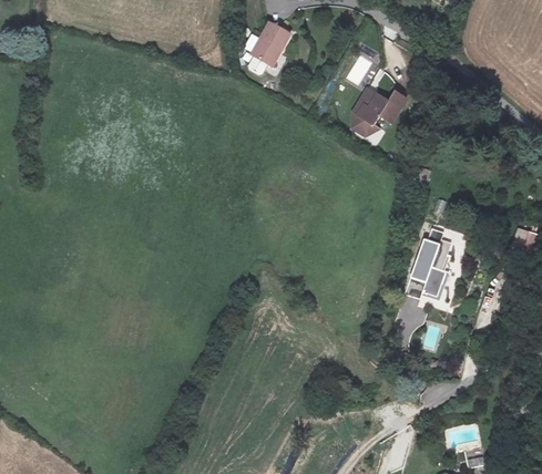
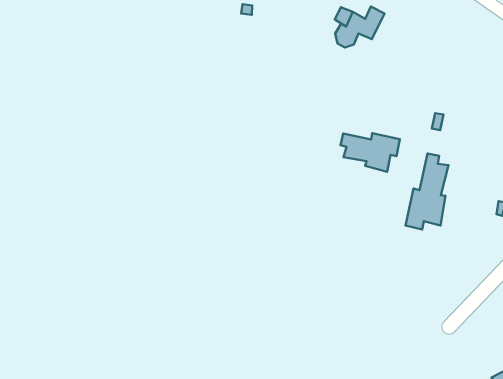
building: none -> [340,133,400,172]

